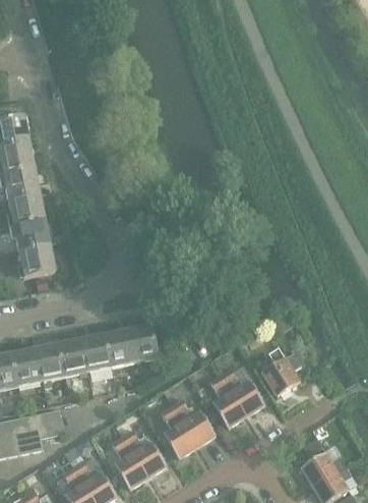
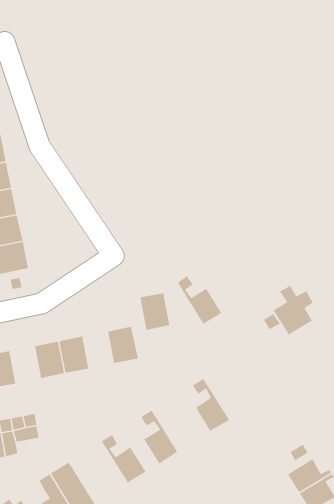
building: [104,330,133,367] -> [139,293,170,331]
building: [34,344,63,381] -> none
building: [260,347,300,396] -> [273,285,314,336]
building: [220,368,263,415] -> [177,275,222,325]
building: [170,398,214,446] -> none
building: [110,436,146,489] -> none

